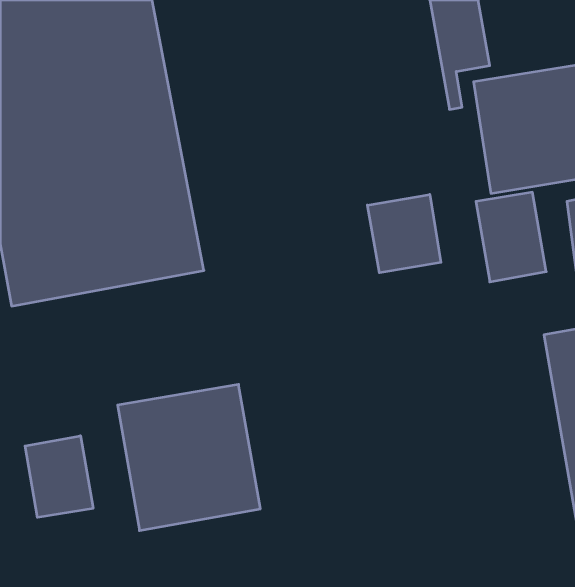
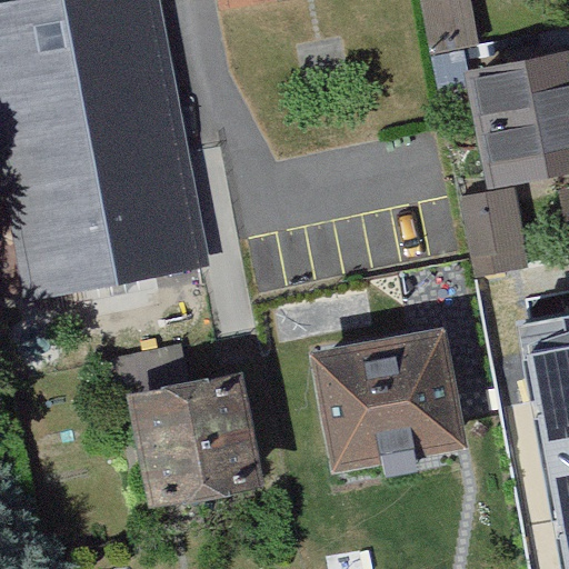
building: [367,194,441,273] -> none
building: none -> [303,321,463,469]
building: [25,436,93,517] -> none

